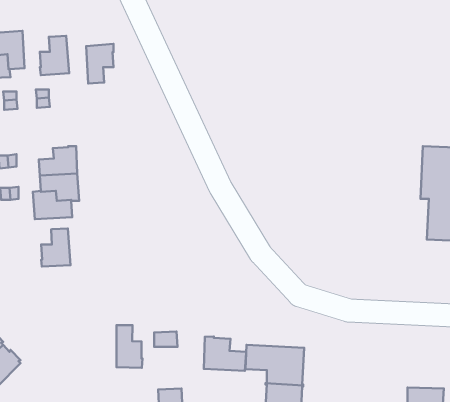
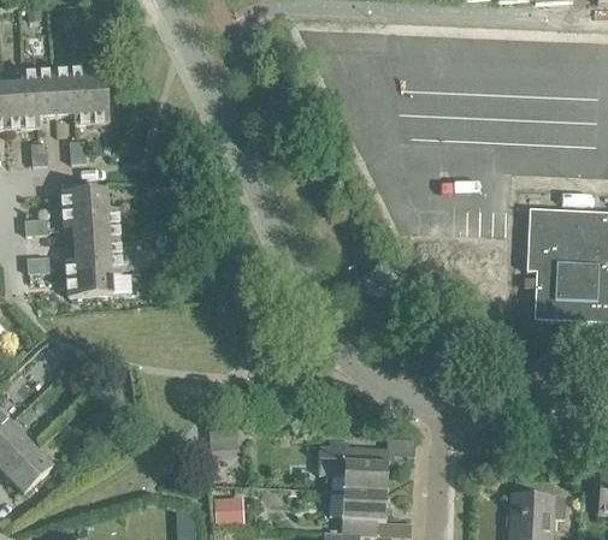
building: [86,44,113,84] -> [53,67,85,114]
building: none -> [61,188,107,224]
building: [41,228,70,267] -> none
building: [116,325,142,368] -> none
building: [204,337,246,371] -> none

